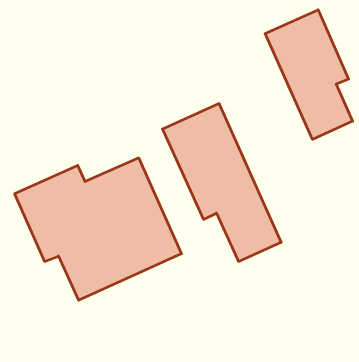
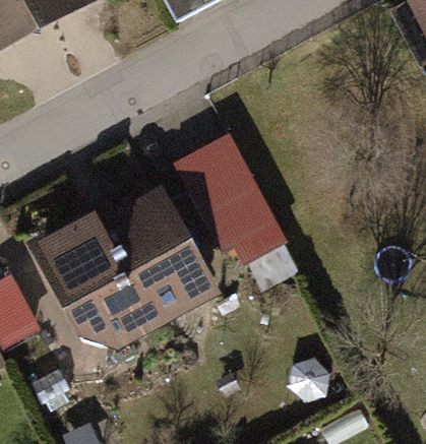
building: [265,10,353,139] -> none

